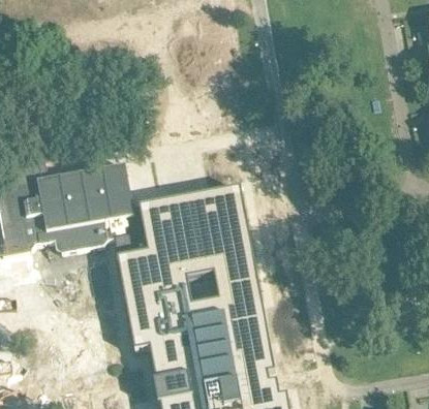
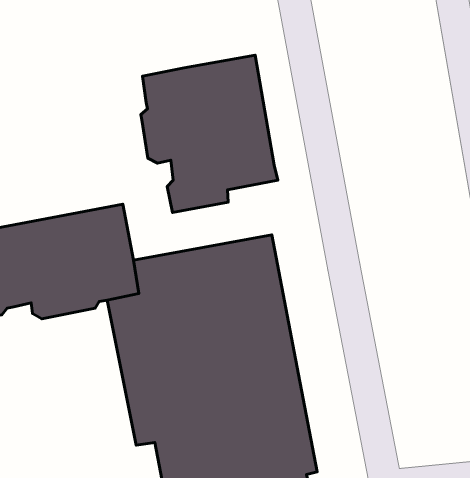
building: none -> [141,55,278,212]

